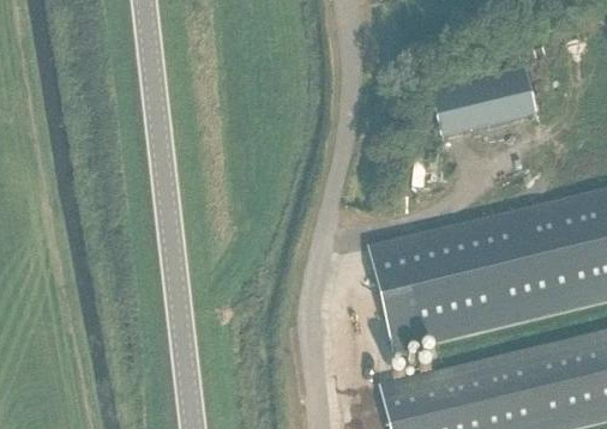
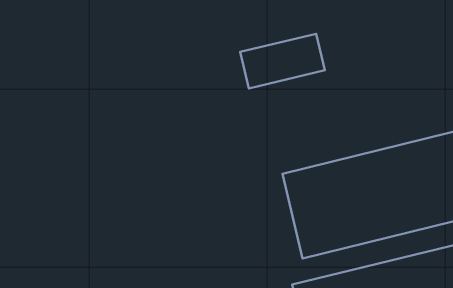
building: [431,70,536,138] -> [240,34,325,89]

